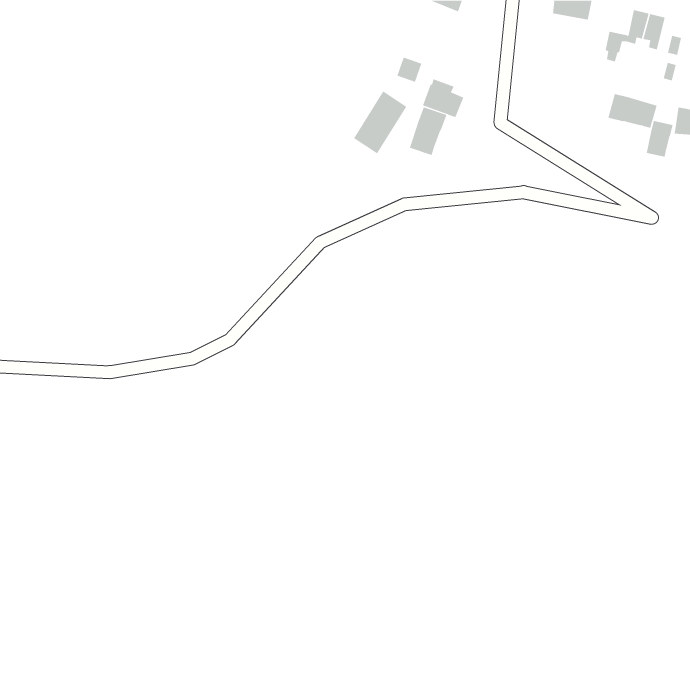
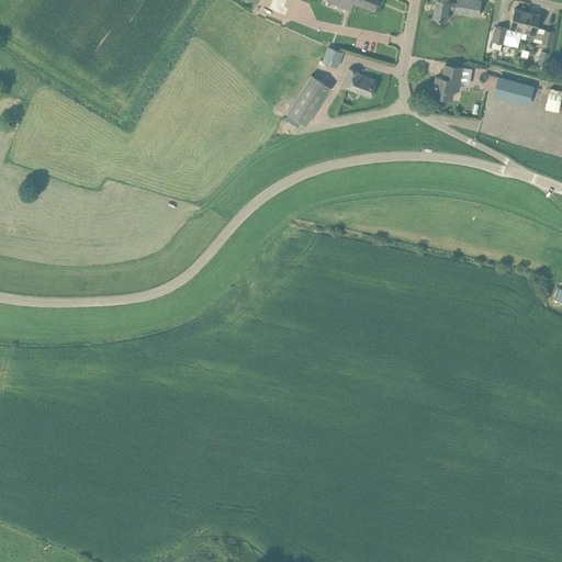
building: none -> [434,65,463,99]
building: [409,106,447,156] -> none
building: [646,120,673,157] -> none

